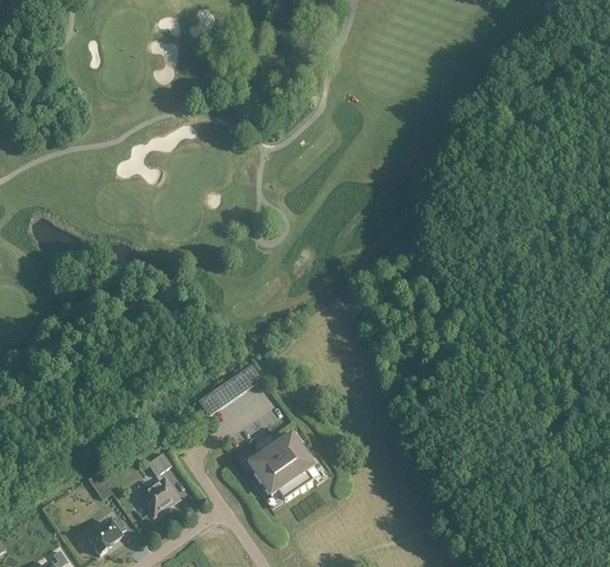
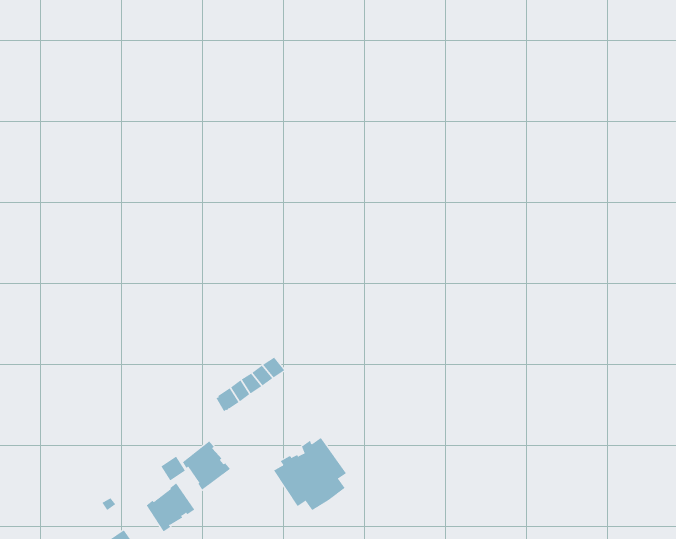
building: none -> [182,440,231,490]

